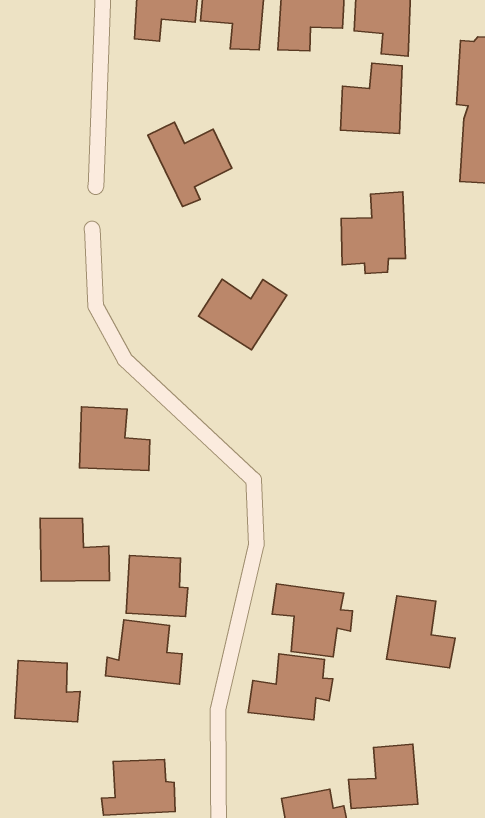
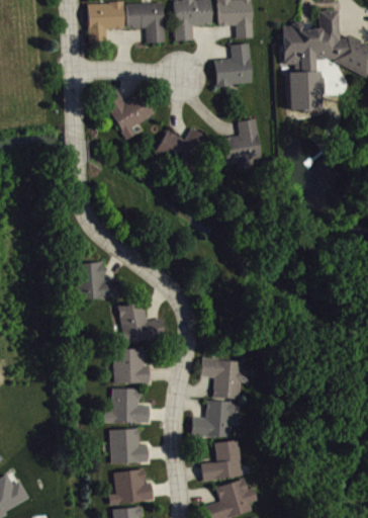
building: [198,279,287,350] -> [154,127,205,170]
building: [40,518,109,581] -> [118,303,163,342]
building: [386,596,455,668] -> none
building: [15,661,80,722] -> [109,428,148,463]
building: [349,744,418,809] -> [200,439,243,481]

